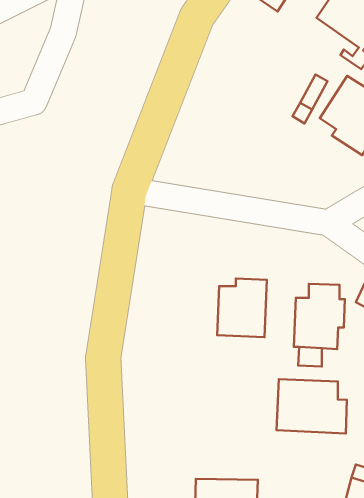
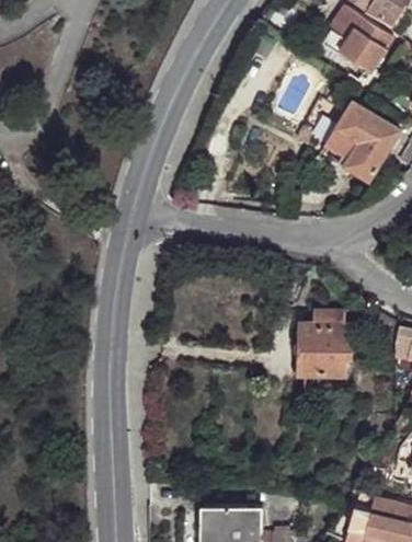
building: [217,279,267,337] -> none
building: [276,379,347,433] -> none

